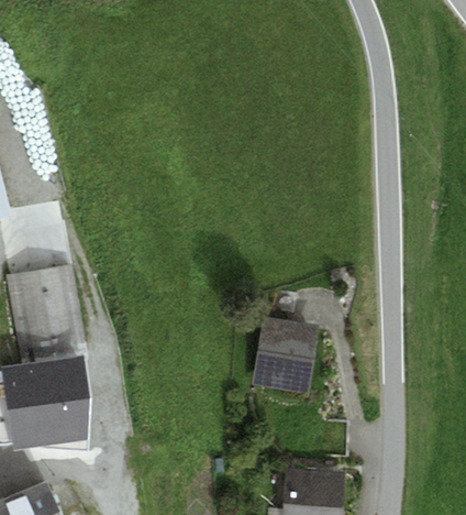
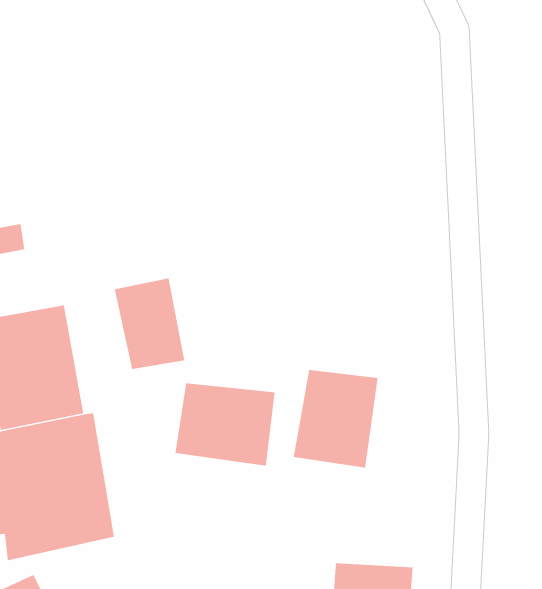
building: none -> [114,277,185,370]
building: none -> [174,383,276,466]

